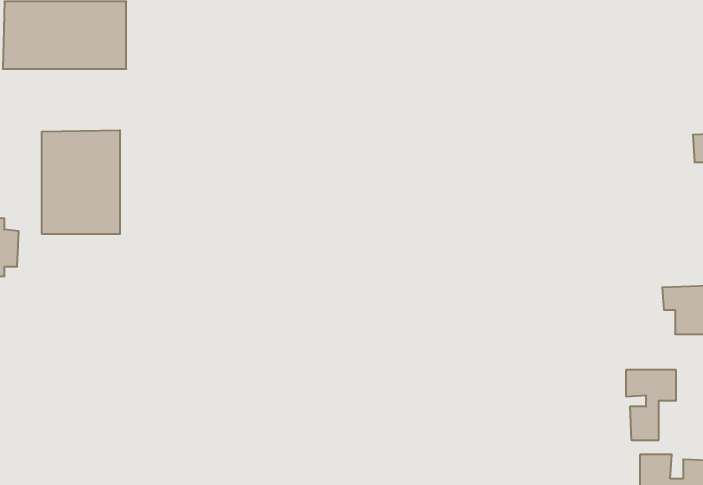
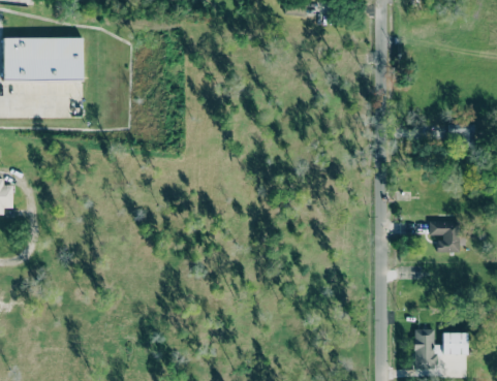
building: [42,130,120,234] -> none
building: [626,370,676,440] -> none

